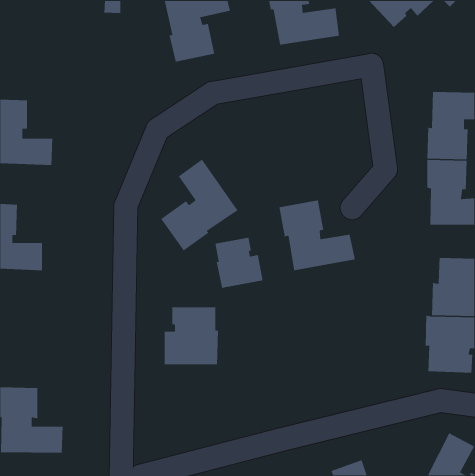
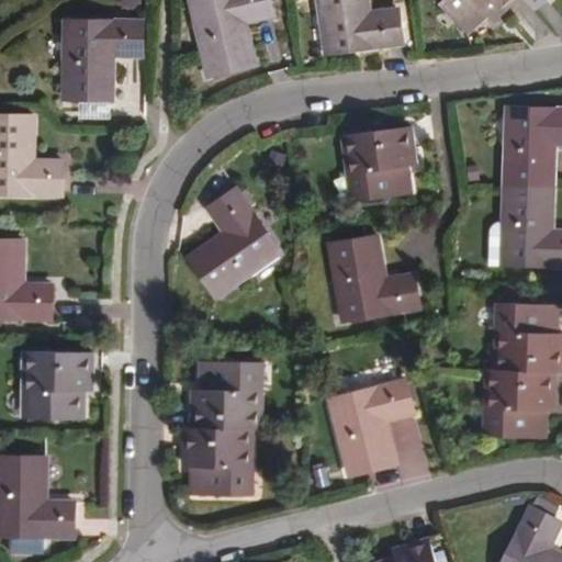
building: none -> [64,22,142,102]
building: none -> [344,126,414,201]
building: [215,237,264,289] -> none
building: none -> [26,351,92,418]
building: none -> [334,378,415,473]
building: none -> [184,430,250,495]

